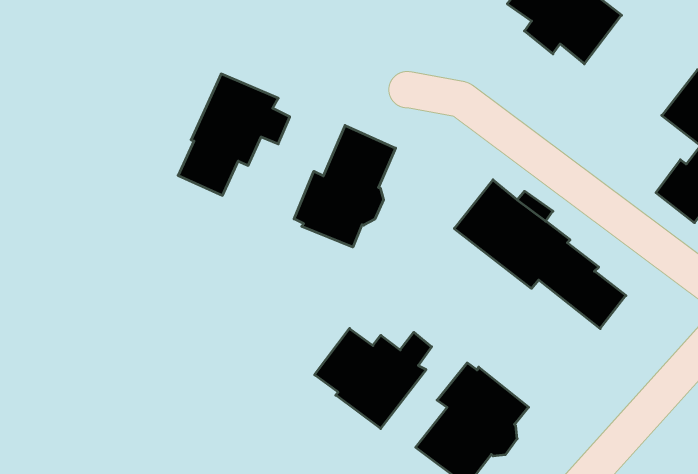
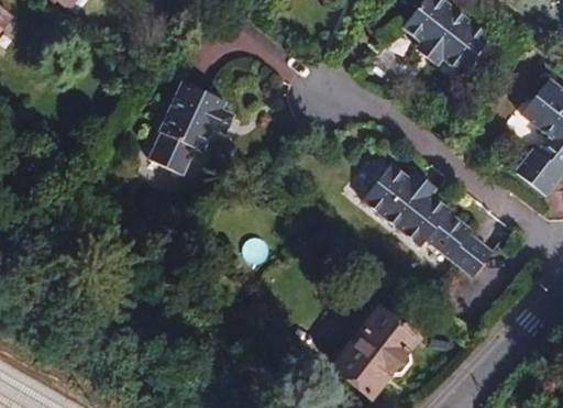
building: [294,125,396,247] -> none
building: [315,328,432,429] -> none

